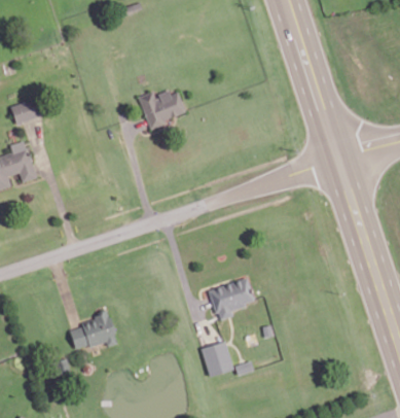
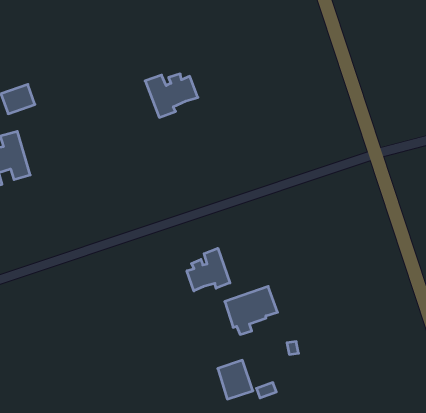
building: none -> [187,248,230,291]
building: [70,316,118,351] -> none

